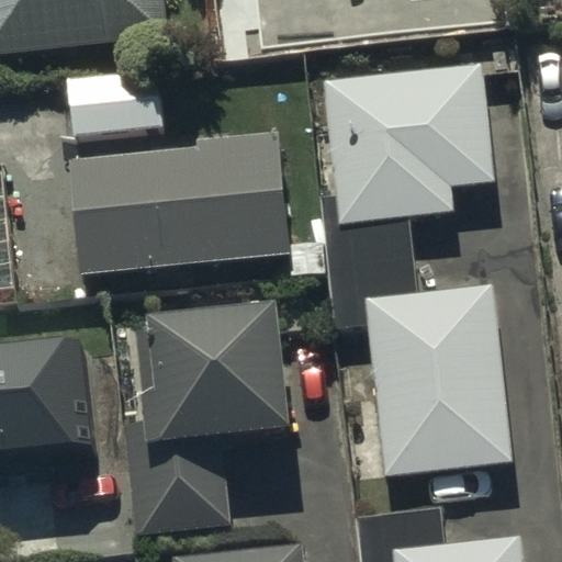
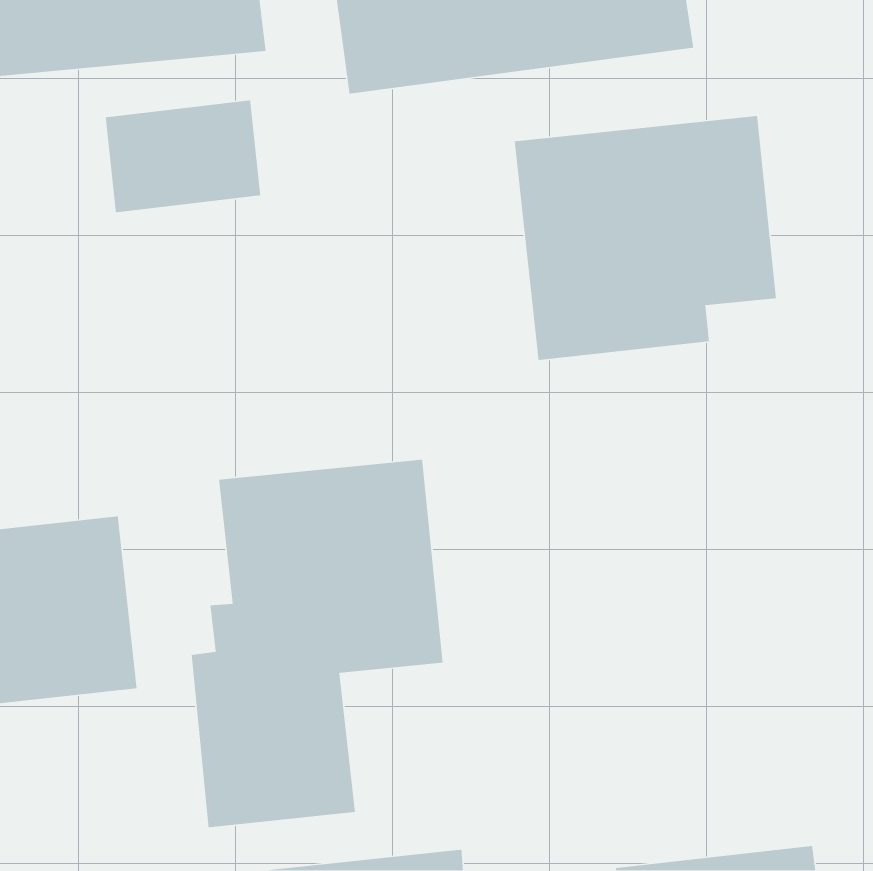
building: [76,133,291,270] -> none
building: [367,289,512,483] -> none

